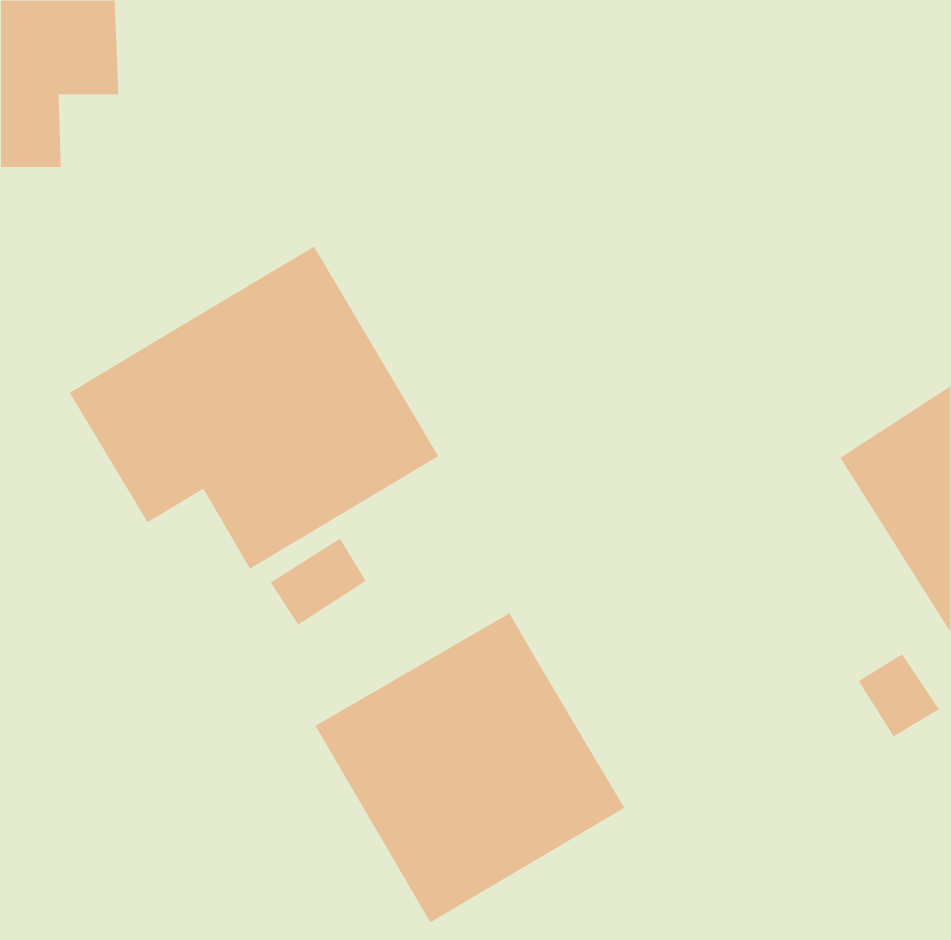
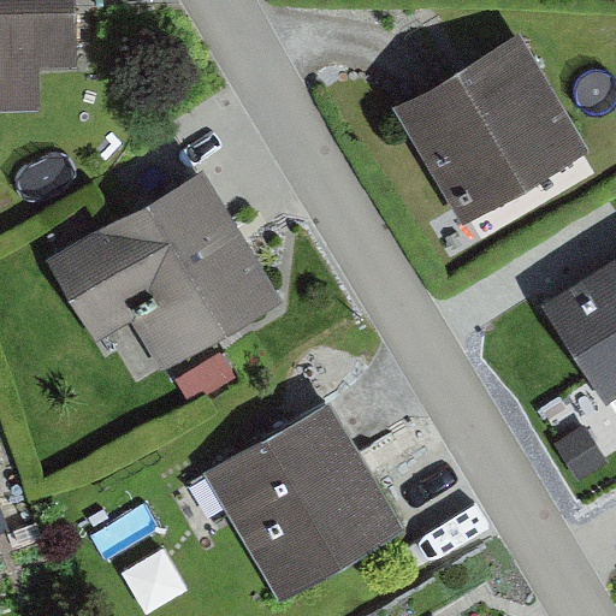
building: none -> [392,31,591,226]

